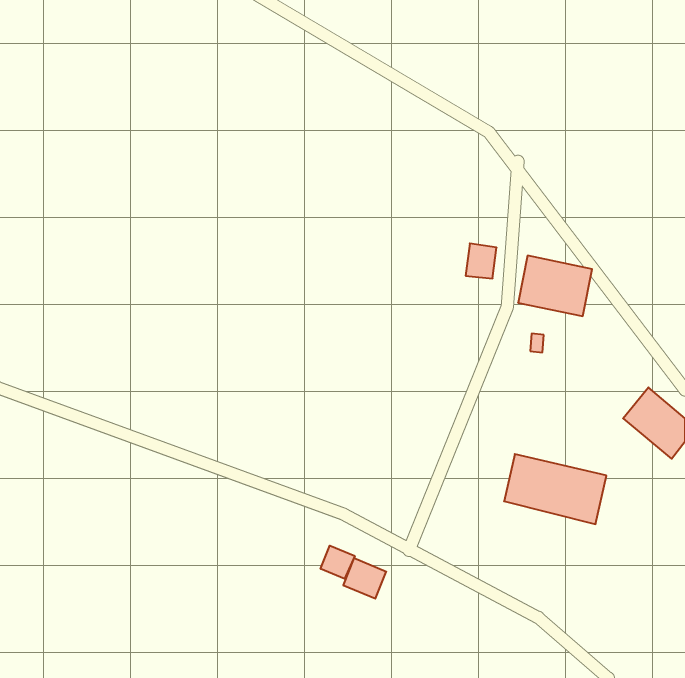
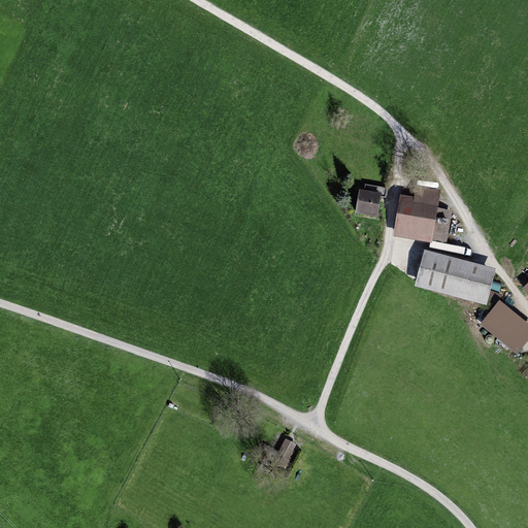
building: [504,454,606,524] -> [415,251,493,304]
building: [321,546,355,579] -> none

